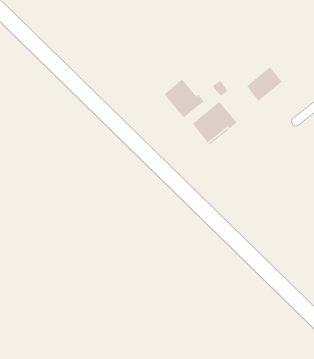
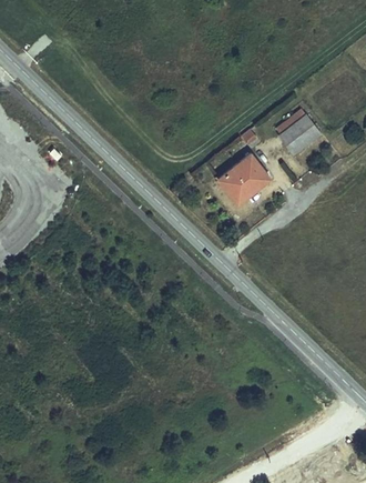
building: [163,78,204,119] -> none

